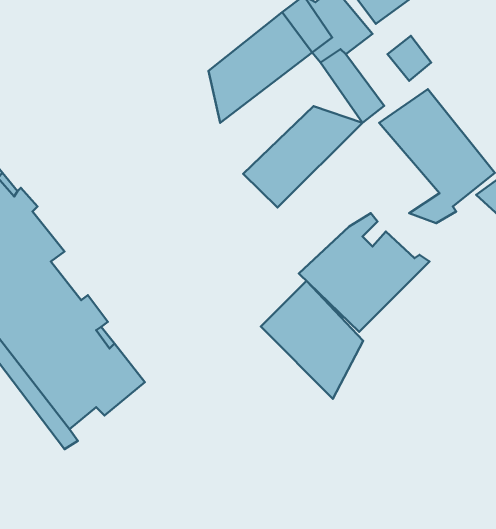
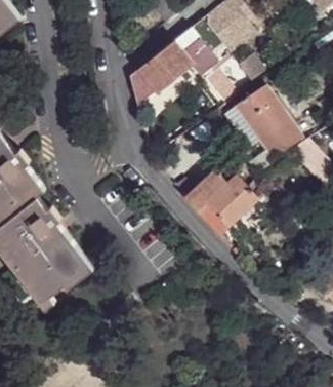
building: [243,106,362,208] -> none
building: [261,281,363,399] -> none

